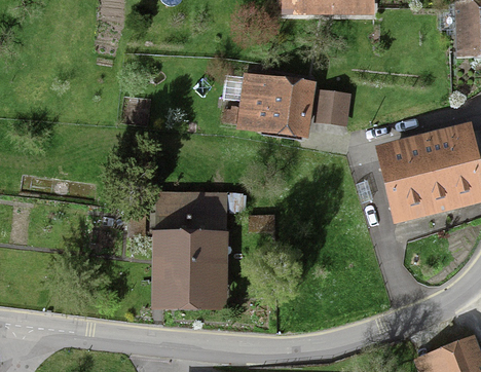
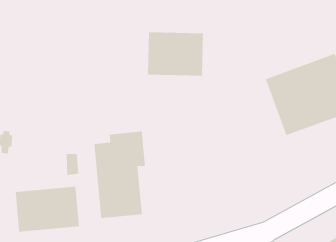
building: [318,91,349,124] -> none
building: none -> [15,186,80,233]

